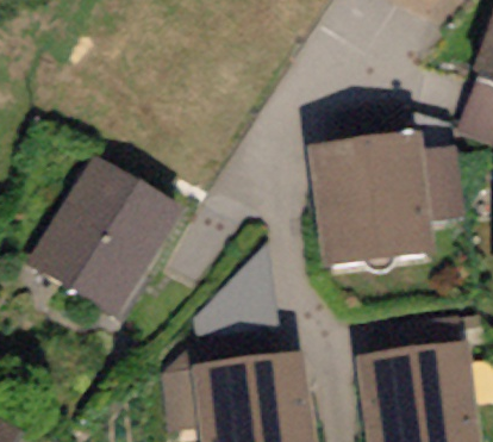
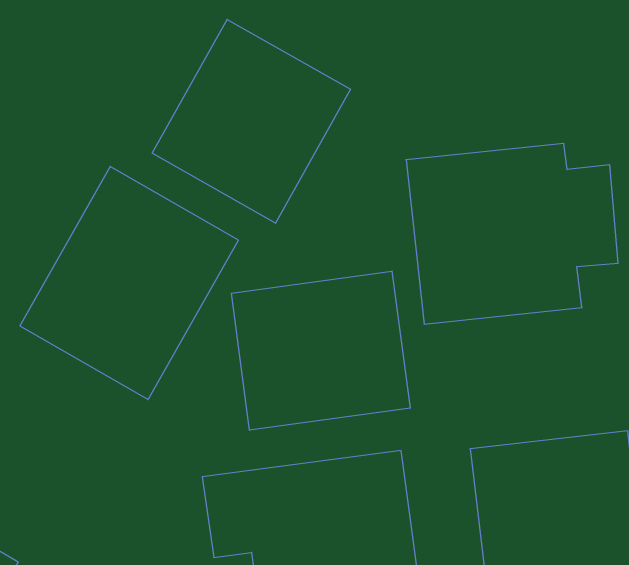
building: none -> [152,19,351,223]
building: none -> [231,271,410,430]

